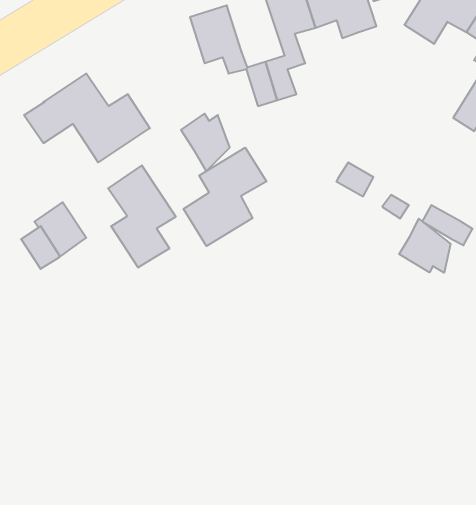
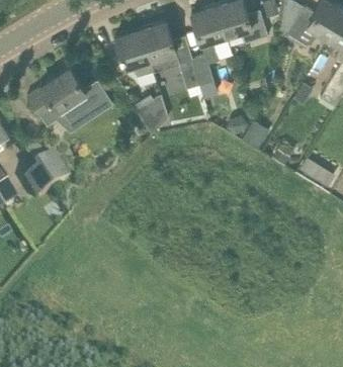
building: none -> [114,29,153,77]
building: [184,148,266,246] -> none
building: [108,165,176,268] -> none
building: [399,219,451,273] -> none

